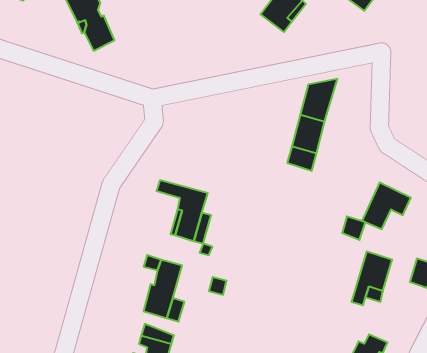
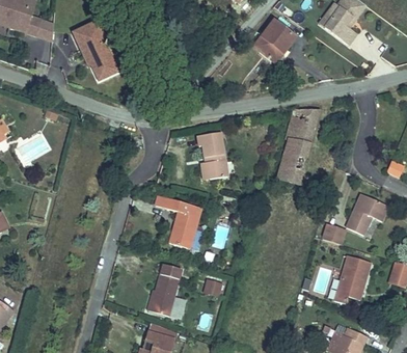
building: none -> [201,132,229,180]

